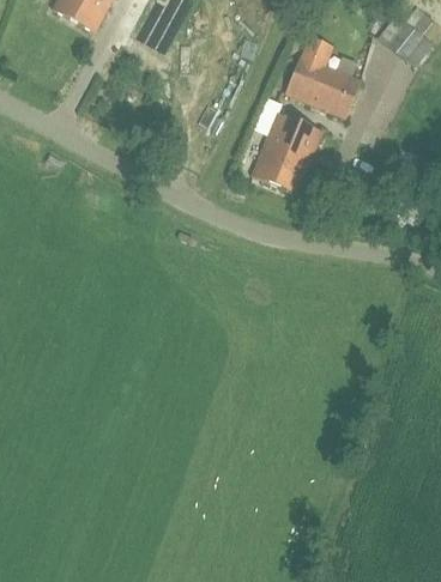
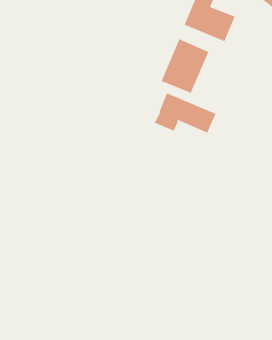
building: none -> [154,93,216,134]

